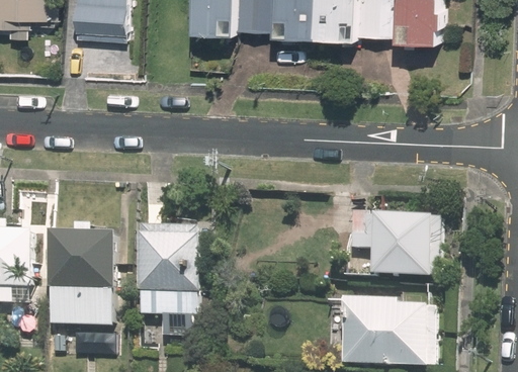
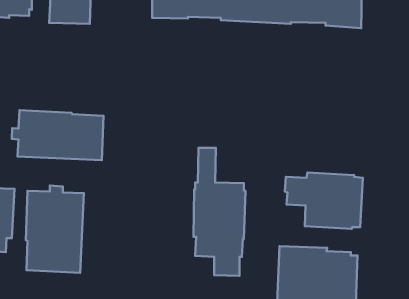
building: none -> [12,110,103,160]
building: [136,184,196,334] -> [193,148,245,276]

